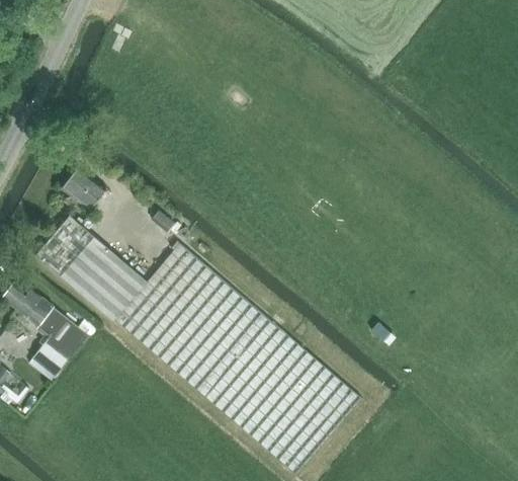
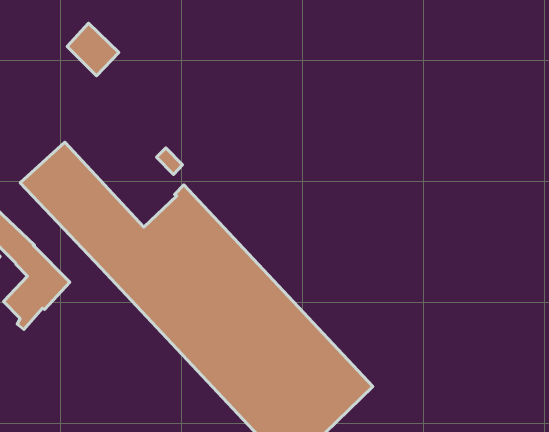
building: [62,166,107,211] -> [67,23,119,76]

